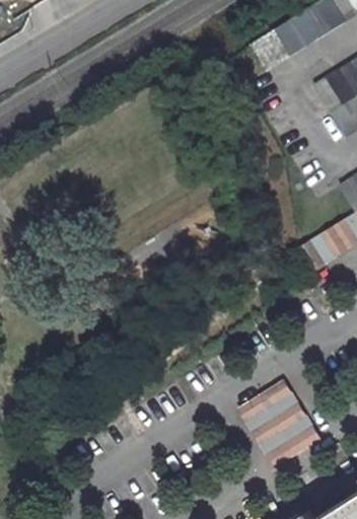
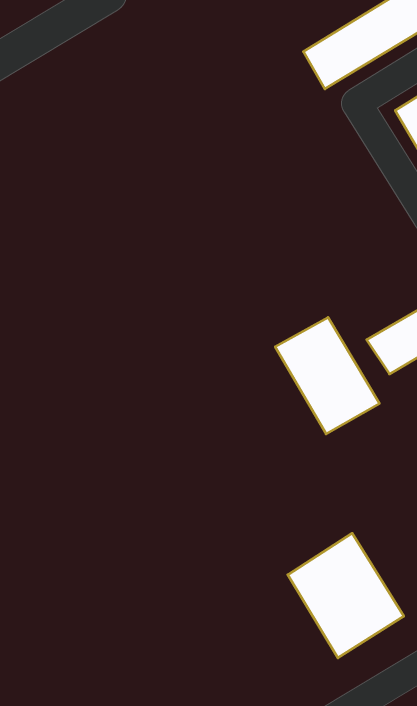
building: none -> [275,317,379,434]

